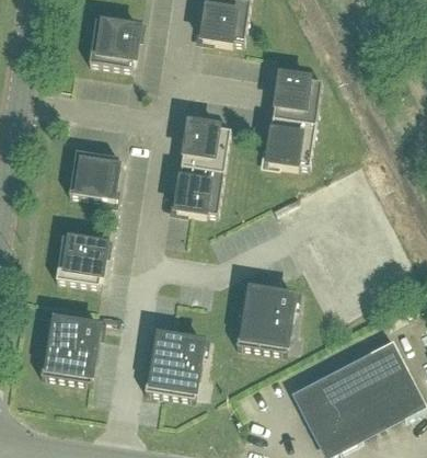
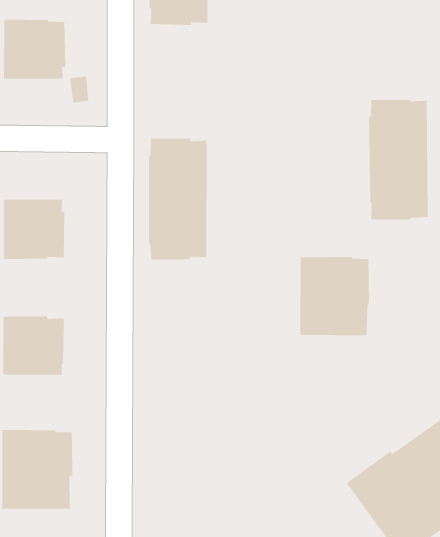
building: [266,72,321,164] -> [368,100,429,220]
building: [235,286,295,351] -> [300,257,370,336]
building: [143,332,204,397] -> none

